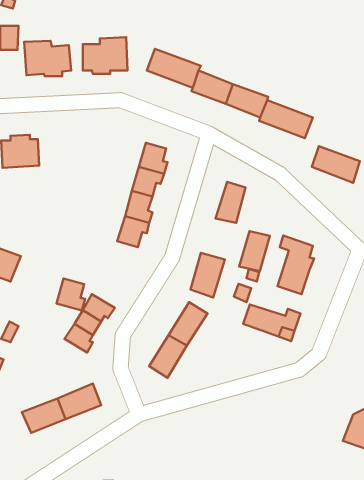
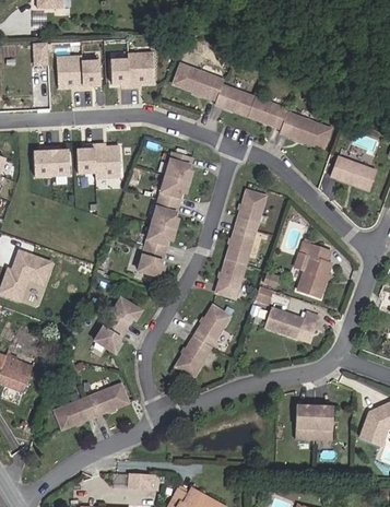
building: none -> [76,143,120,178]
building: [239,231,270,271] -> [228,225,258,263]
building: [57,278,85,310] -> [138,247,165,278]
building: none -> [295,404,333,440]

